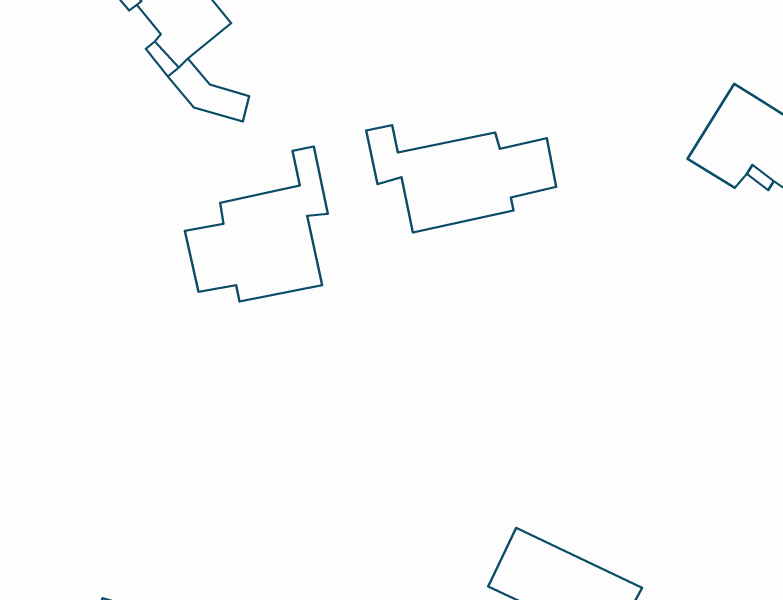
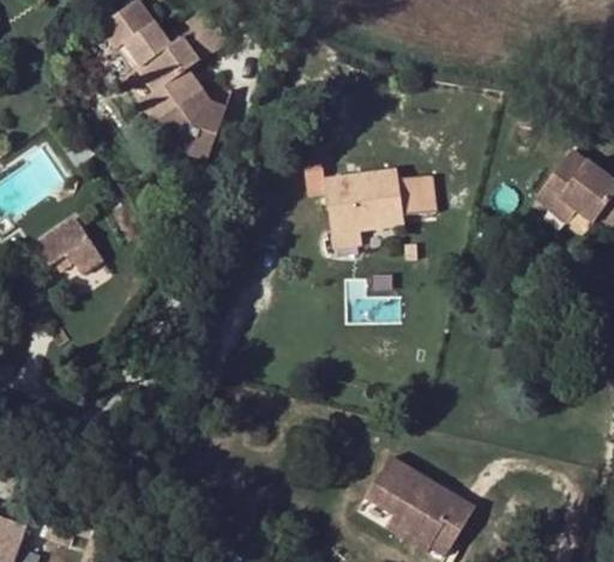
building: none -> [177,75,233,129]
building: [185,147,328,301] -> none
building: none -> [32,217,89,270]

